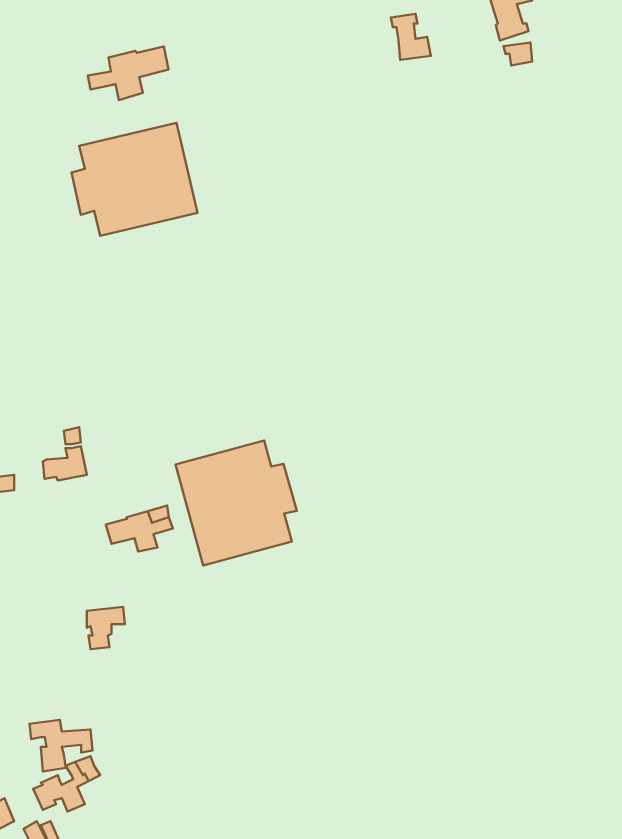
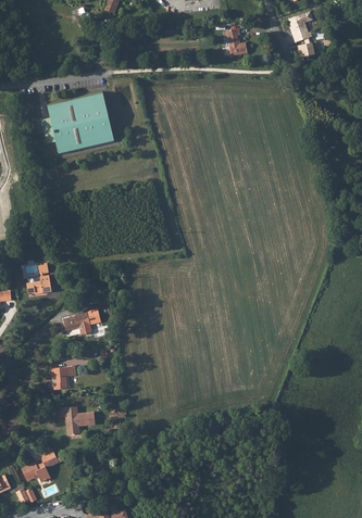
building: [88,47,169,100] -> none
building: [176,440,297,566] -> none
building: [29,720,93,772] -> [60,406,96,435]

